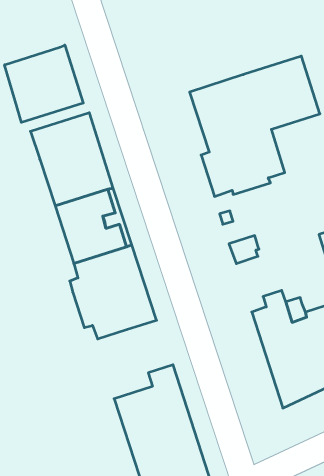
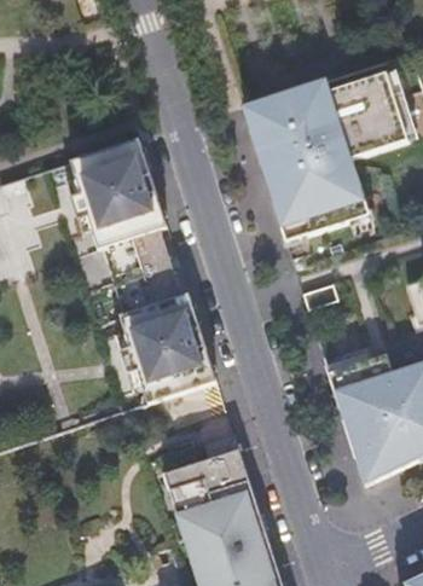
building: [5,45,83,122] -> none
building: none -> [242,82,318,188]

